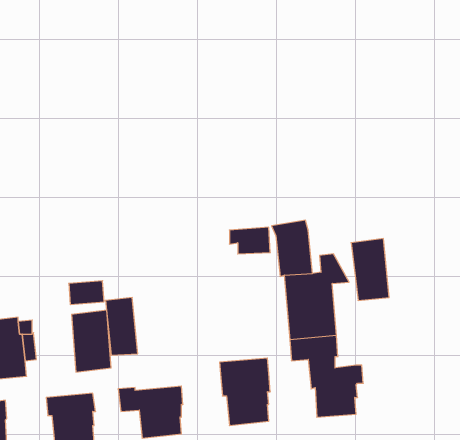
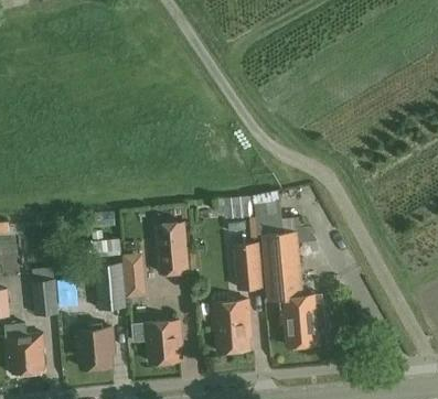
building: [351,239,389,300] -> [232,242,261,291]
building: none -> [153,220,189,276]

